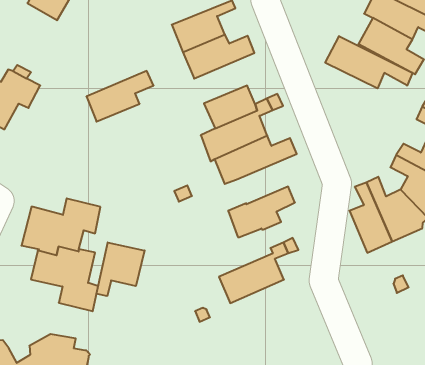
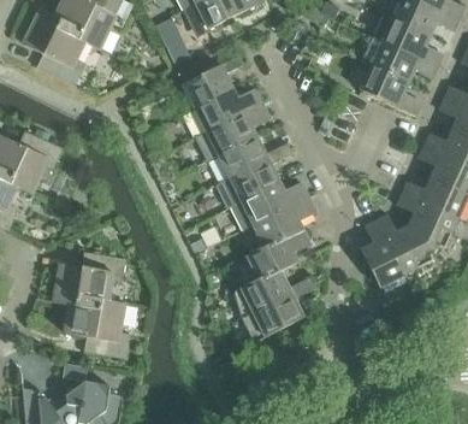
building: [325,36,413,88] -> none
building: [86,71,154,122] -> [206,105,268,155]
building: none -> [251,198,314,248]
building: none -> [233,270,290,318]
building: [97,242,145,296] -> none

